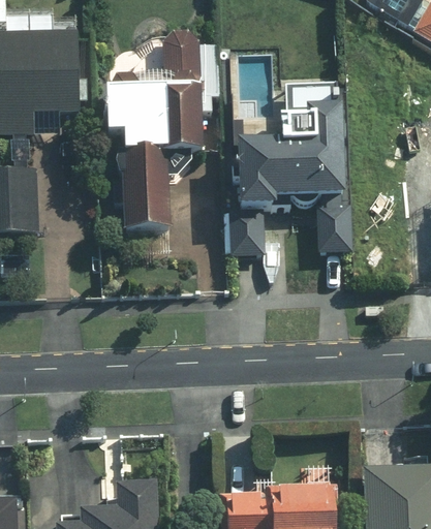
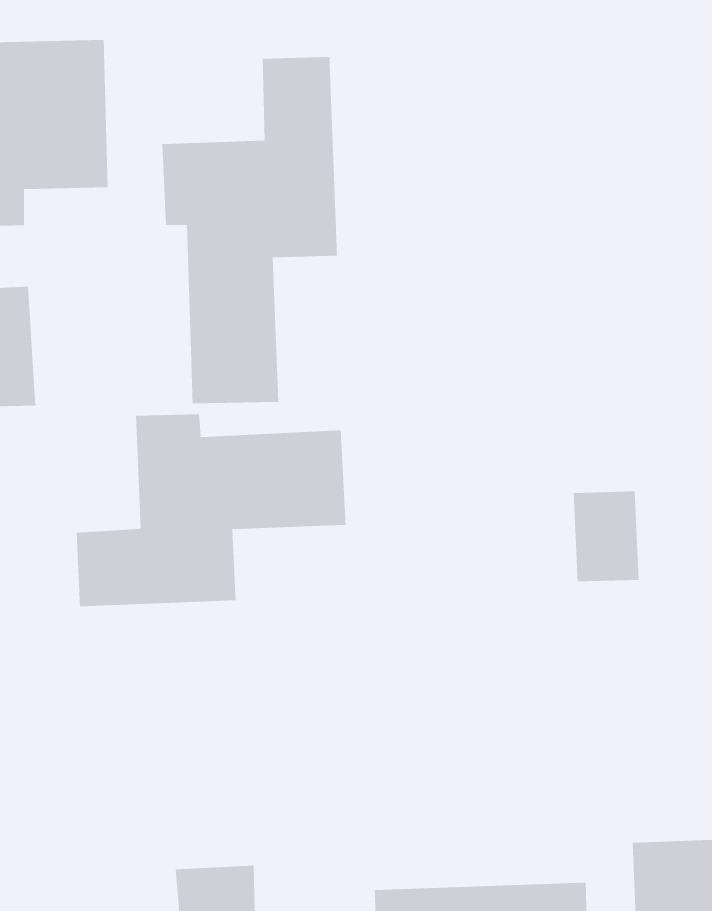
building: [226,82,346,255] -> none
building: [316,203,352,252] -> [573,491,639,582]
building: none -> [76,413,346,607]

